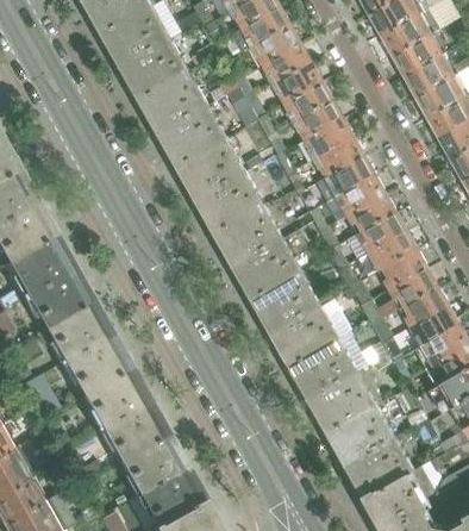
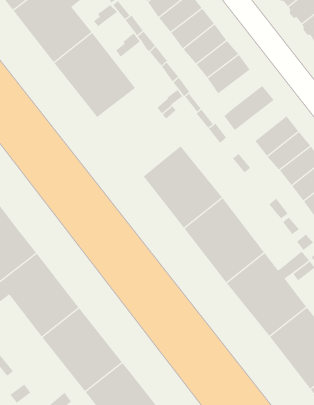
building: [314,136,364,176] -> none
building: [179,137,265,235] -> none
building: [326,173,386,219] -> none

